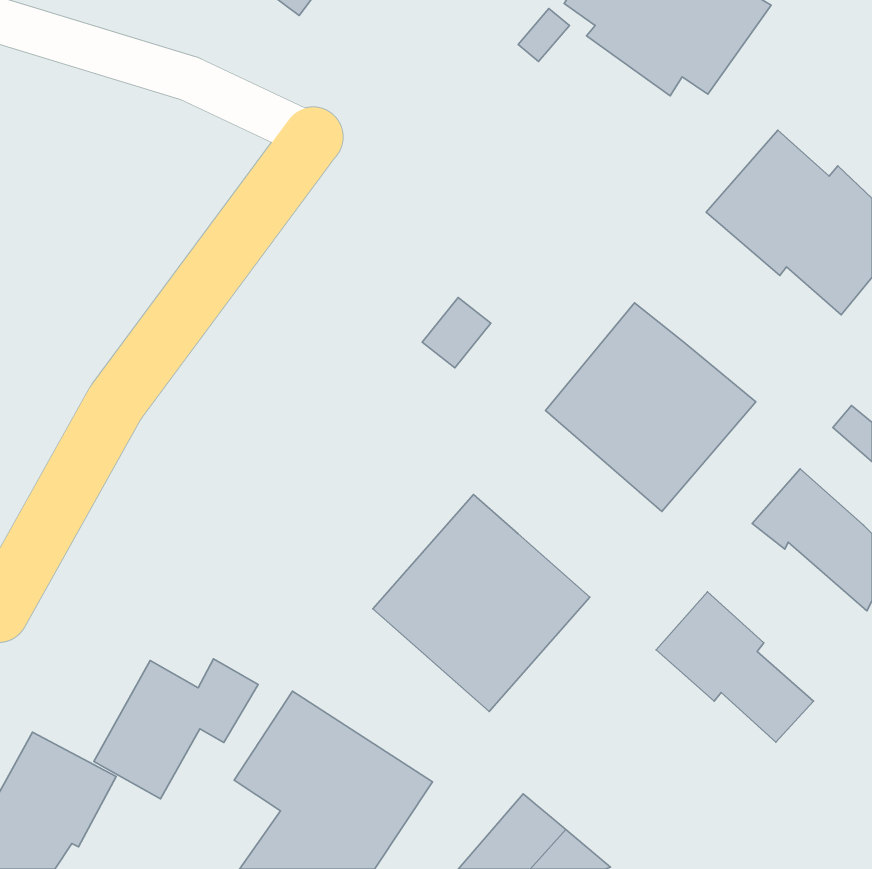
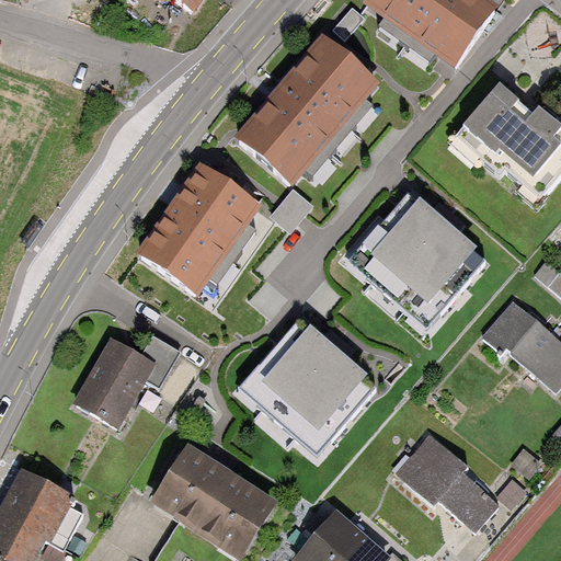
building: none -> [241,36,376,178]
building: none -> [141,163,260,290]
building: [656,592,813,742] -> [397,434,497,530]
building: [94,659,258,799] -> [76,335,181,425]

